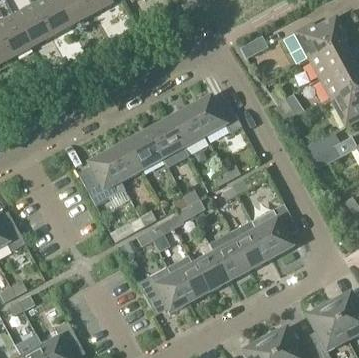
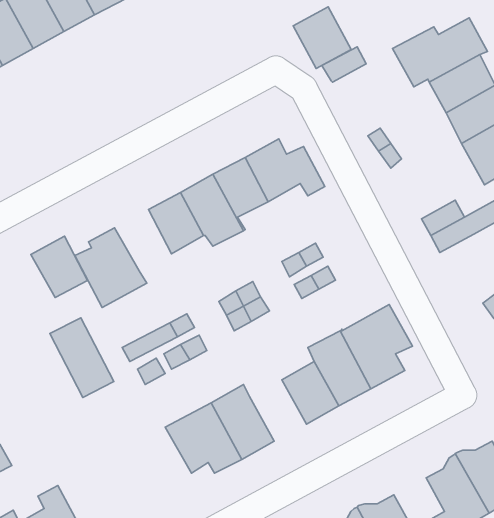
building: none -> [293,7,351,68]
building: [104,141,141,181] -> [31,236,88,297]
building: none -> [50,318,114,398]
building: [192,244,229,292] -> none

